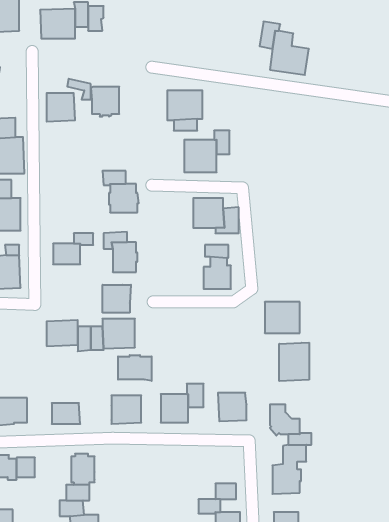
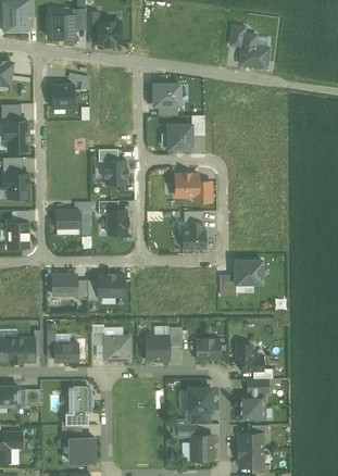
building: [91,87,119,117] -> [97,21,121,46]
building: [103,285,131,313] -> none
building: [279,343,309,381] -> none
building: [118,355,152,381] -> none
building: none -> [189,388,212,411]

